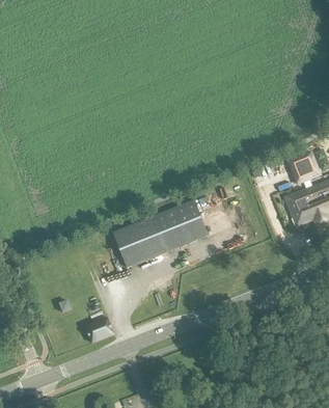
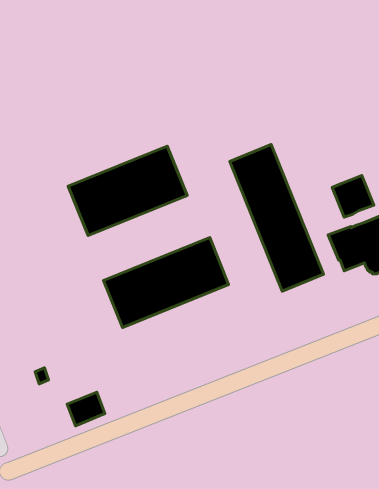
building: none -> [230,145,324,291]
building: none -> [68,146,187,235]

